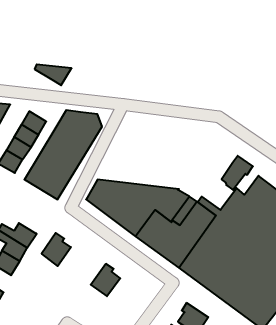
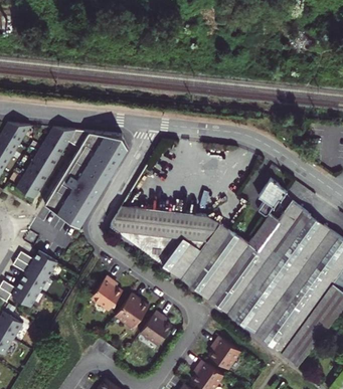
building: [35,64,72,85] -> [49,128,89,150]
building: [42,233,71,266] -> [90,276,121,312]
building: none -> [139,312,170,347]

